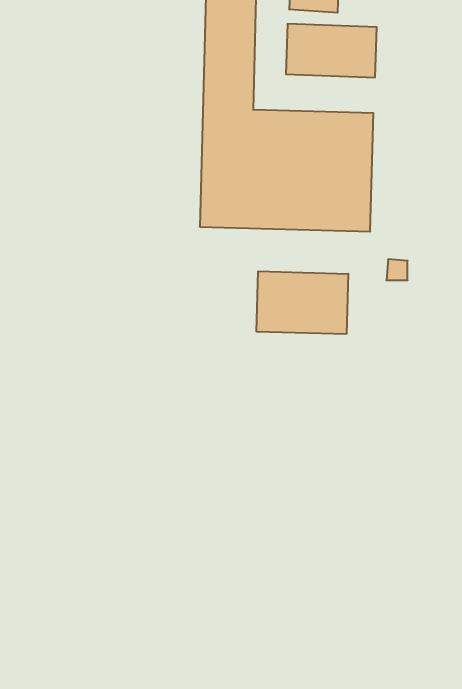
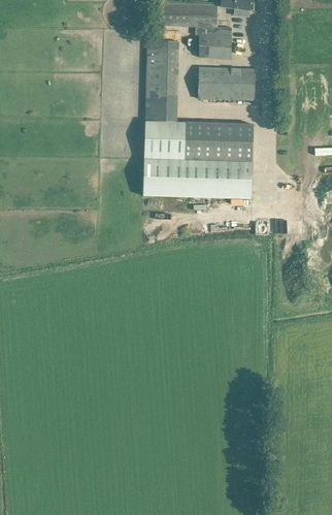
building: [257,271,348,334] -> none

